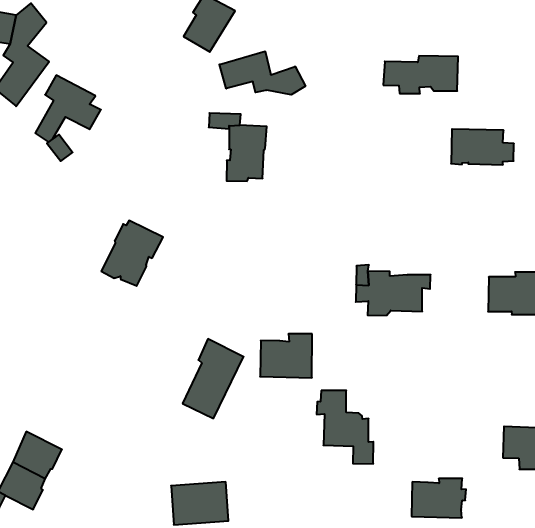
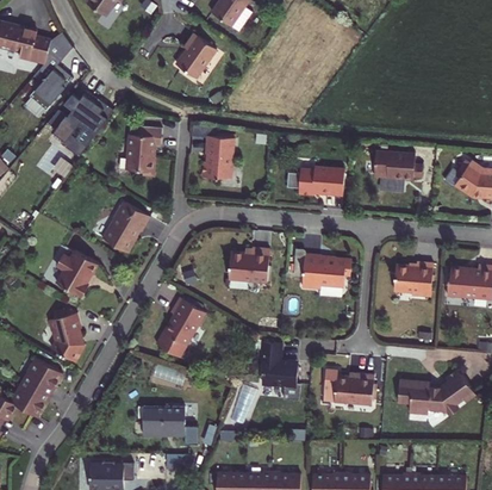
building: [219,51,305,95] -> none
building: [383,56,458,94] -> [286,167,344,196]
building: none -> [125,125,162,175]
building: none -> [56,250,98,298]
building: [260,334,312,378] -> [228,248,269,283]
building: none -> [48,310,82,362]
building: [412,478,466,518] -> [334,374,376,405]

